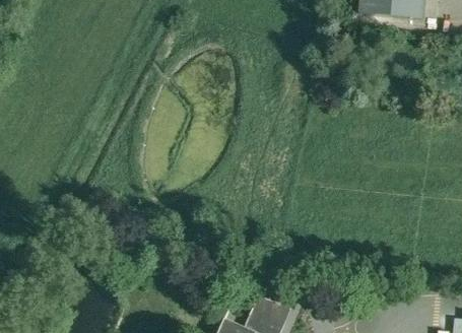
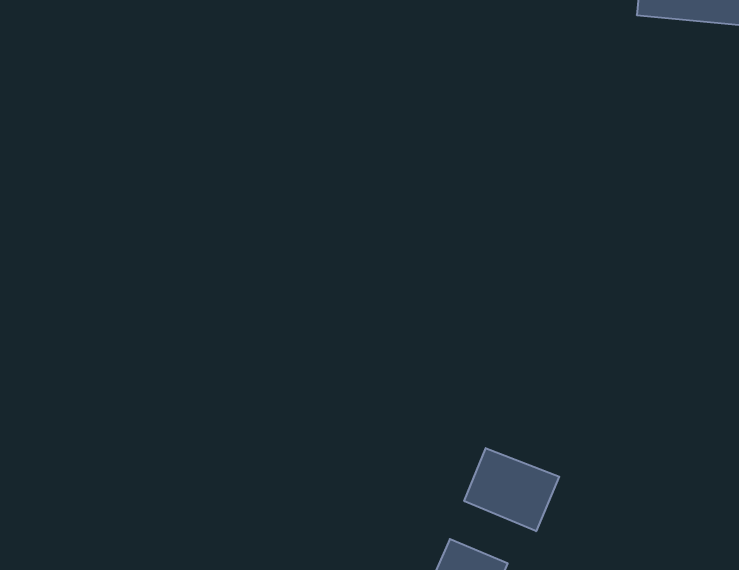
building: none -> [464,448,559,531]

